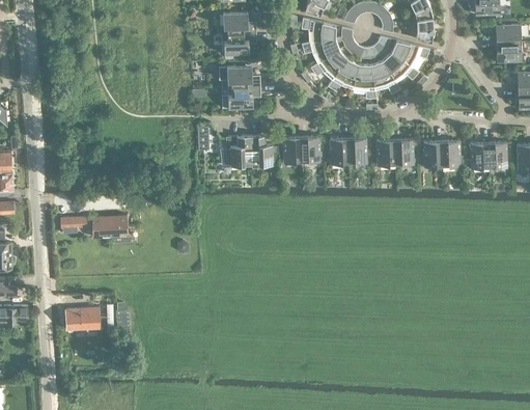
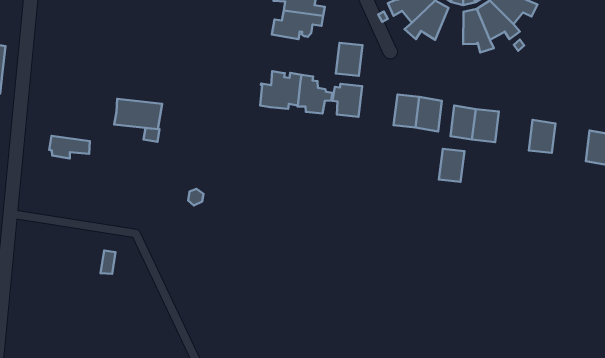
building: [352,63,375,100] -> none
building: [300,136,319,162] -> [336,43,363,76]
building: [422,141,441,167] -> [439,149,464,182]
building: [469,142,487,168] -> none
building: [90,215,127,238] -> [114,99,162,129]
building: [64,307,99,330] -> none

